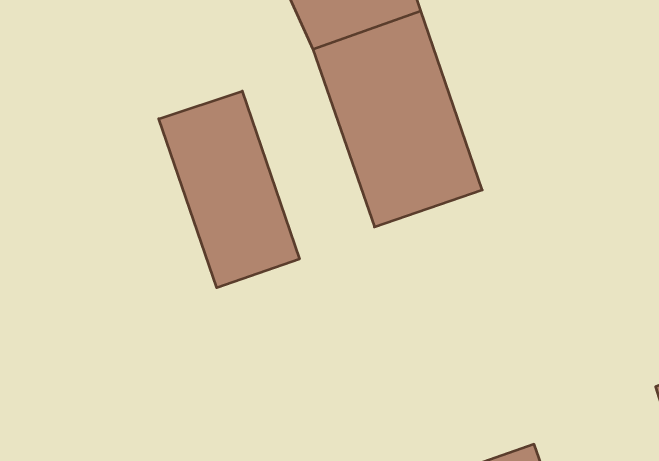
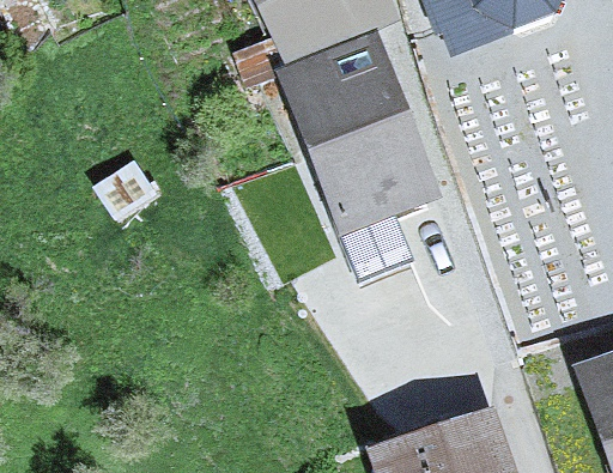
building: [159,91,299,288] -> none

